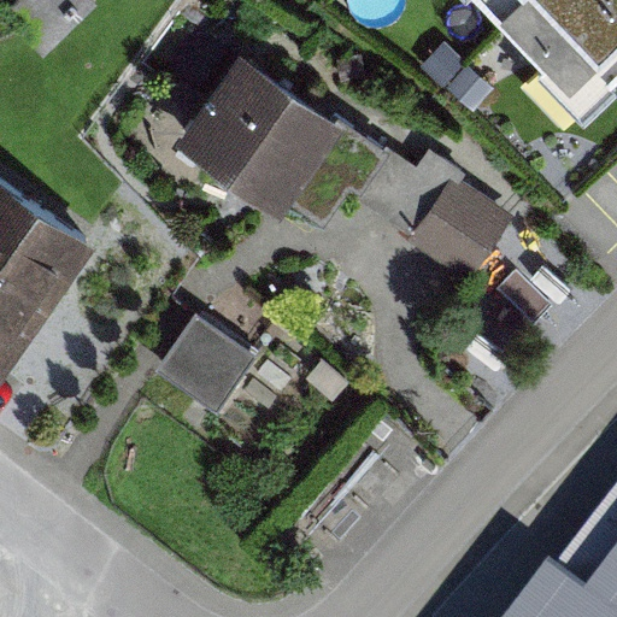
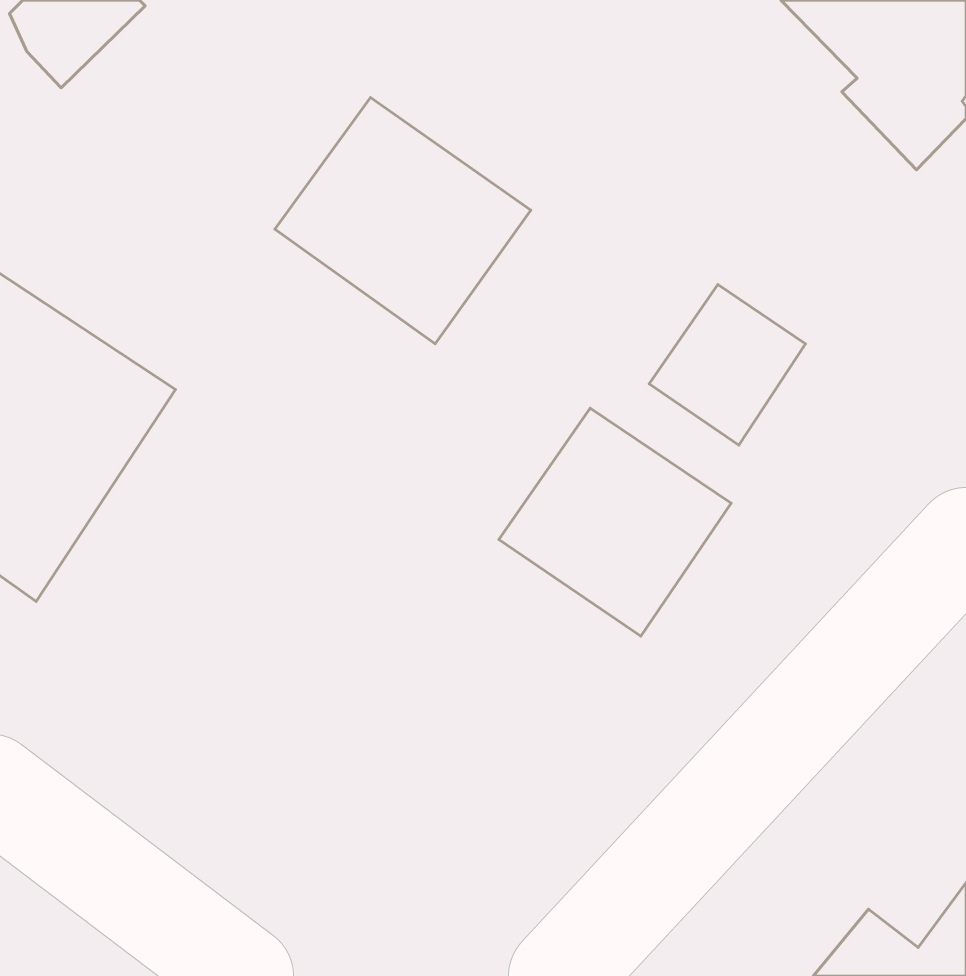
building: none -> [499,408,731,636]
building: [155,310,259,411] -> none

